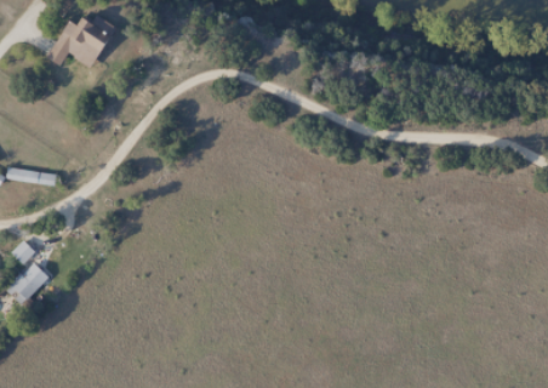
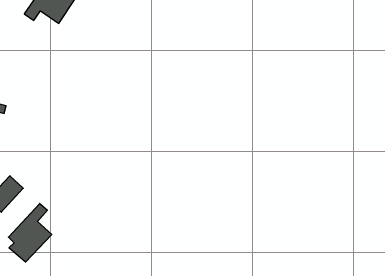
building: none -> [8,203,52,262]

